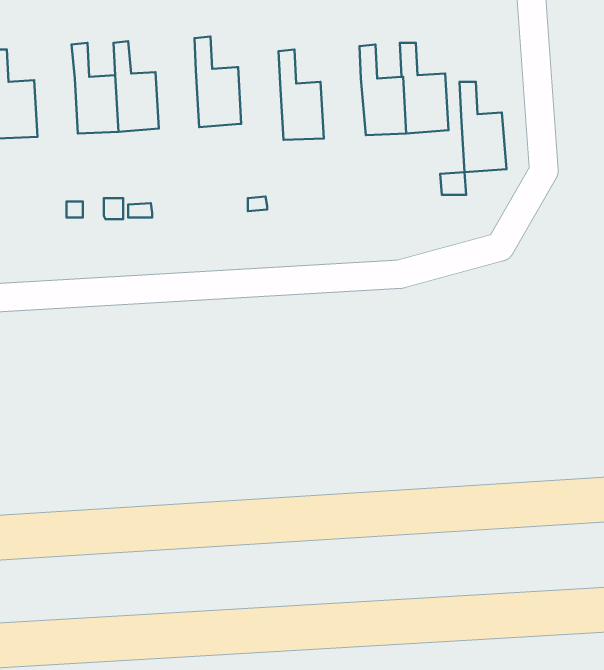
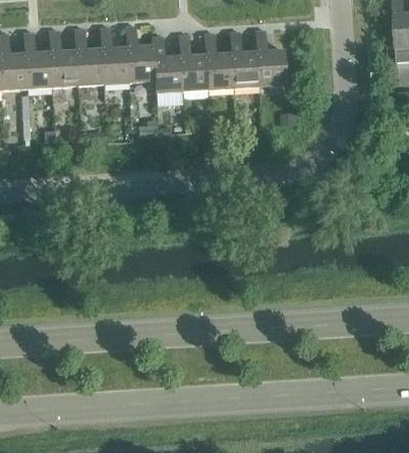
building: none -> [100,26,128,83]
building: none -> [22,32,52,89]
building: none -> [152,36,181,93]
building: [460,82,507,172] -> [203,33,233,90]

